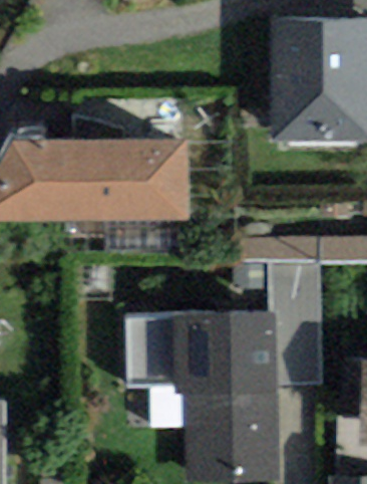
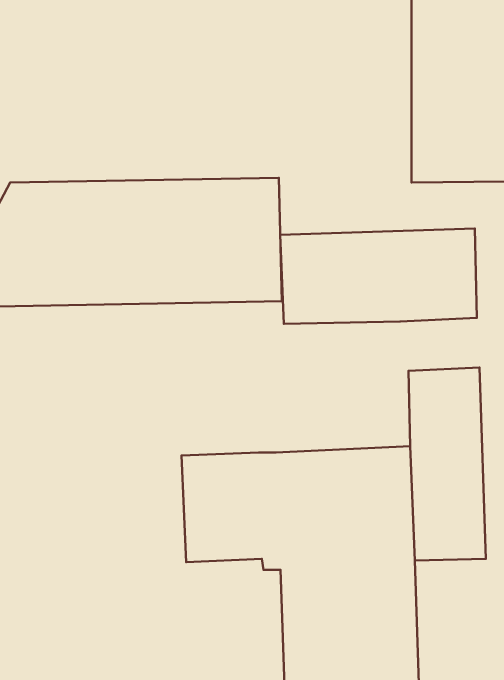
building: none -> [280,229,477,324]

